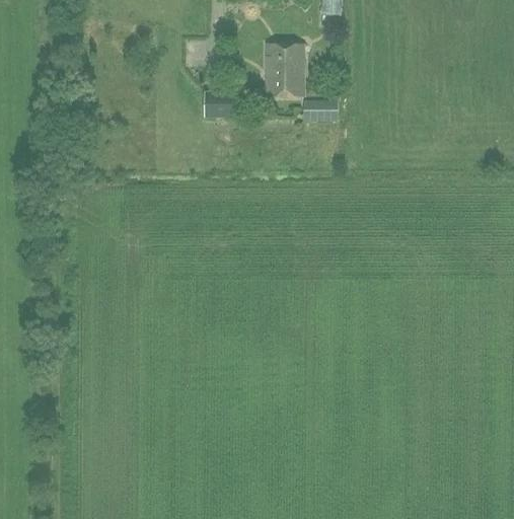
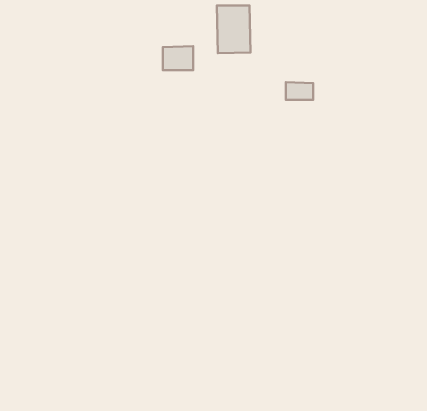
building: [305,98,337,119] -> [286,82,313,100]

